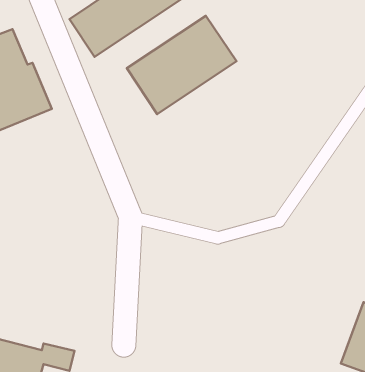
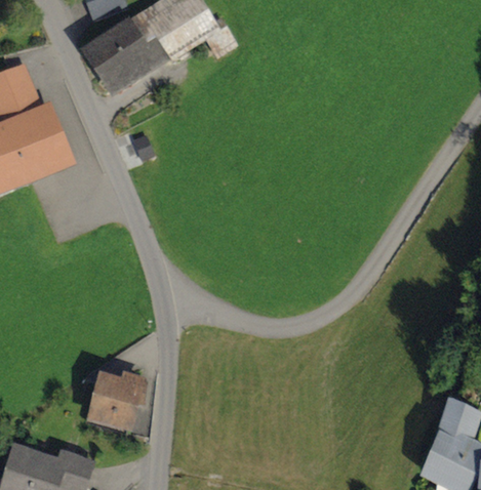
building: [127,16,236,114] -> none
building: none -> [80,376,136,428]

